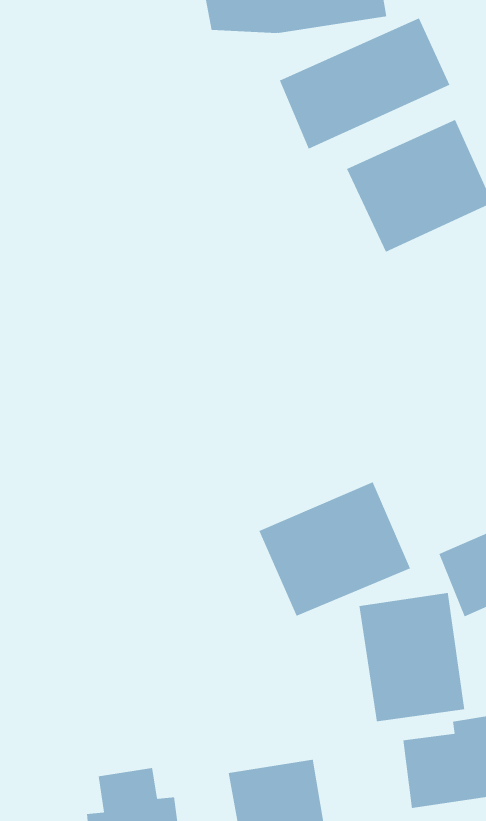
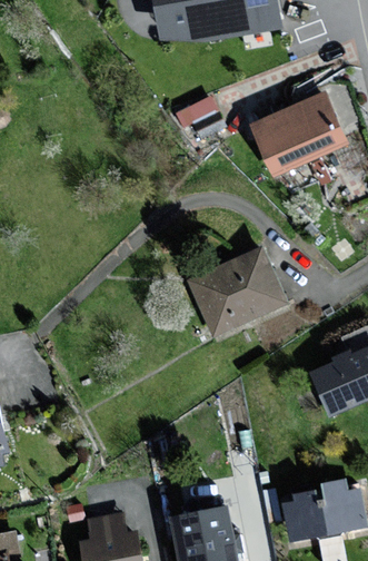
building: [279,17,450,149] -> none
building: [259,481,411,617] -> [187,248,286,336]
building: [359,592,465,722] -> none

